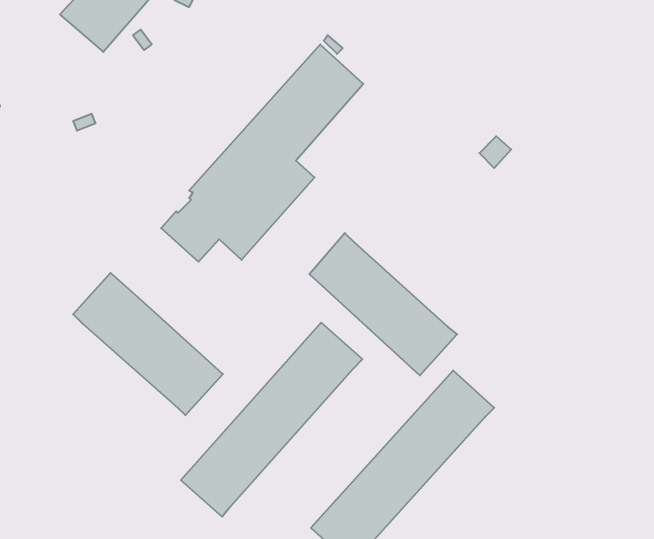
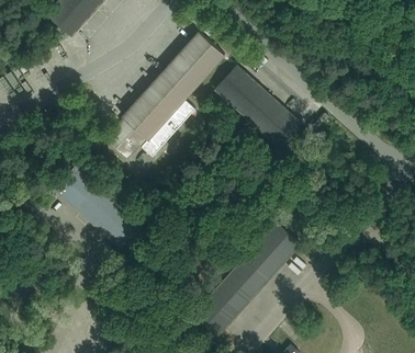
building: [309,233,457,375] -> [215,65,302,148]
building: [181,323,362,517] -> none

